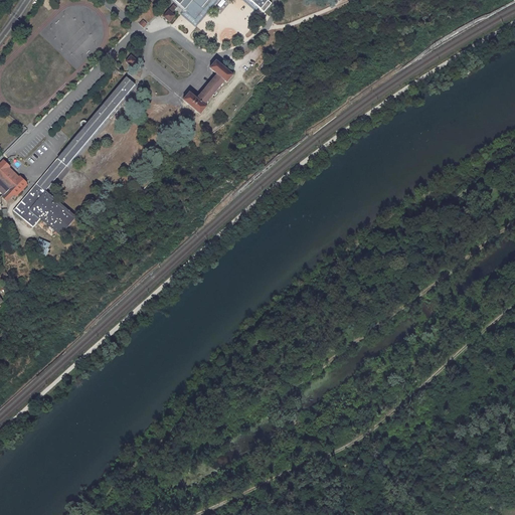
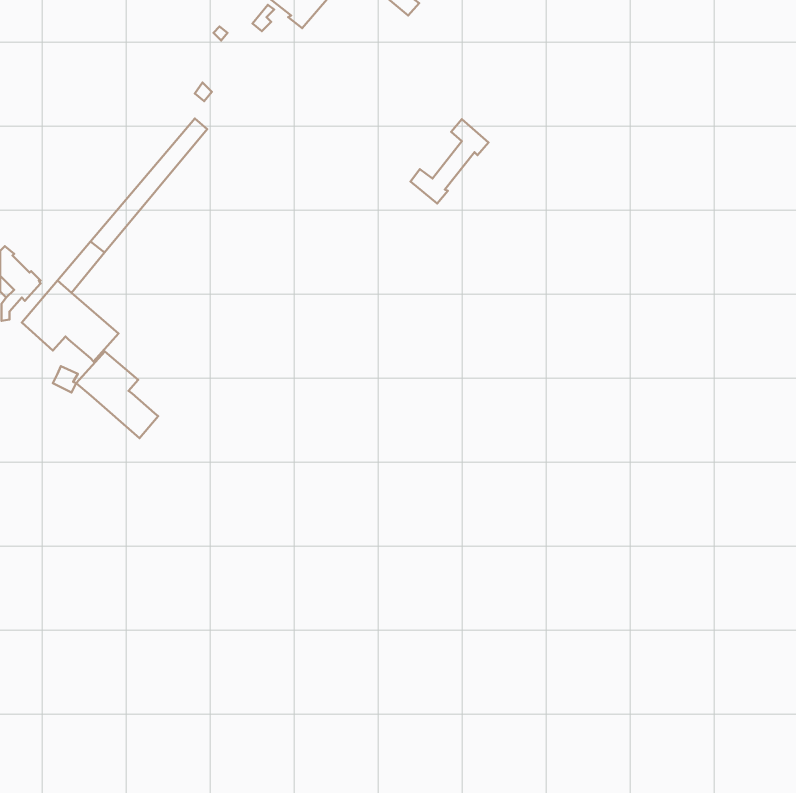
building: [183,58,233,113] -> [411,119,488,203]
building: none -> [76,351,158,438]

